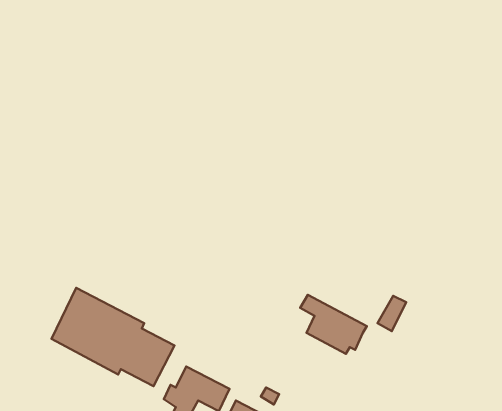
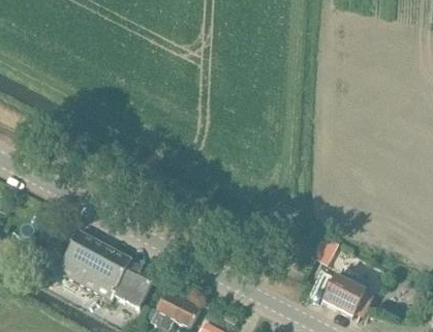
building: [300,295,367,354] -> [316,270,369,316]

